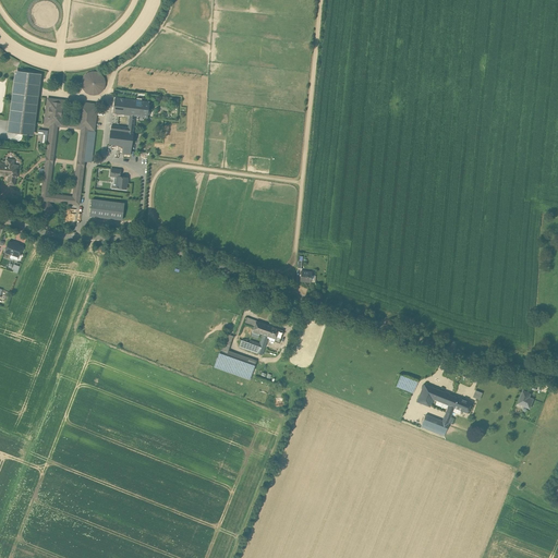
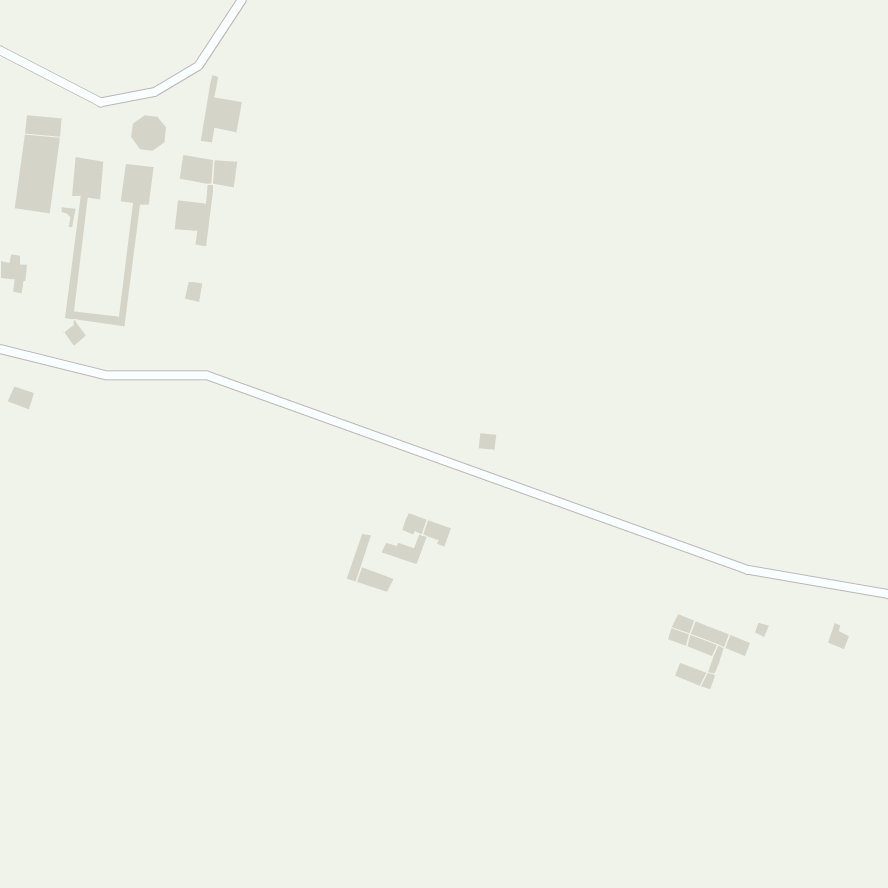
building: none -> [200,74,243,143]
building: [89,198,124,220] -> none

